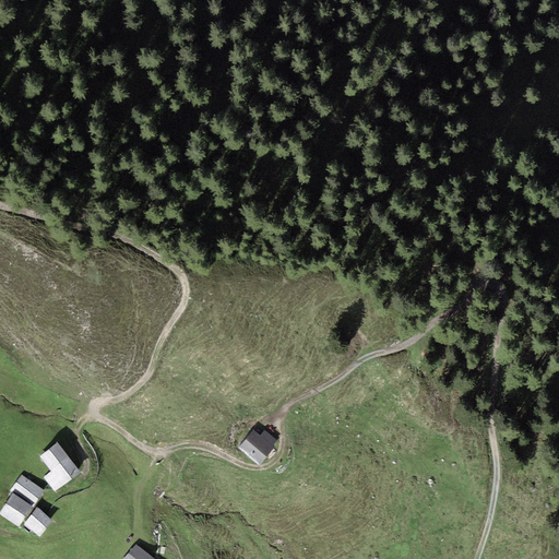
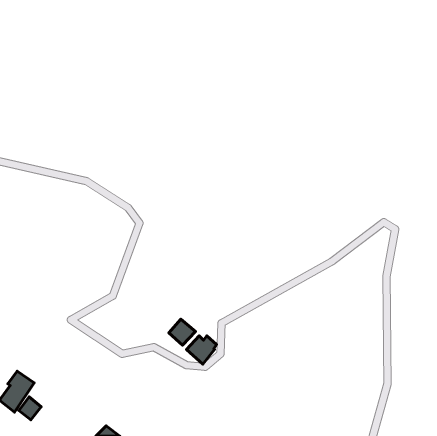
building: none -> [169,319,196,345]
building: [40,442,80,490] -> none

